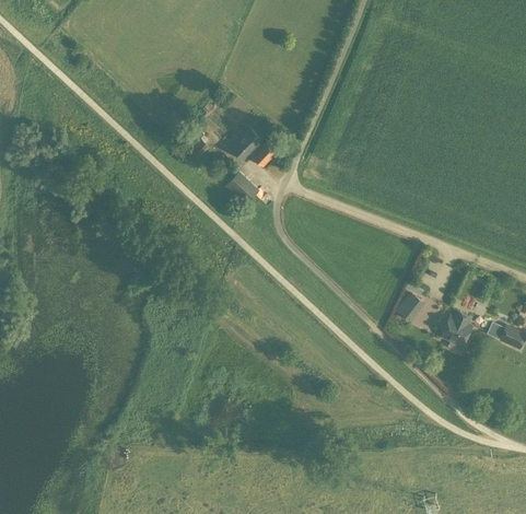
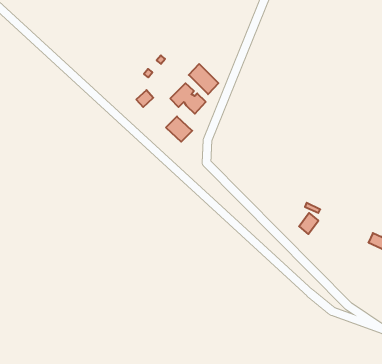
building: none -> [189,64,218,94]
building: [437,308,469,350] -> none

